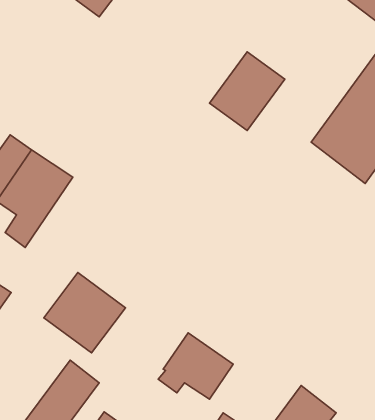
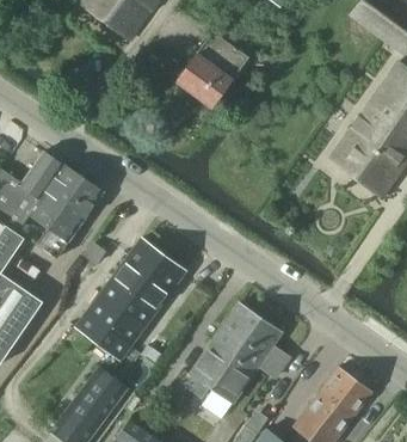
building: [209,52,285,131] -> [177,31,248,106]
building: none -> [107,239,185,317]
building: none -> [212,303,282,370]
building: none -> [320,367,372,417]

